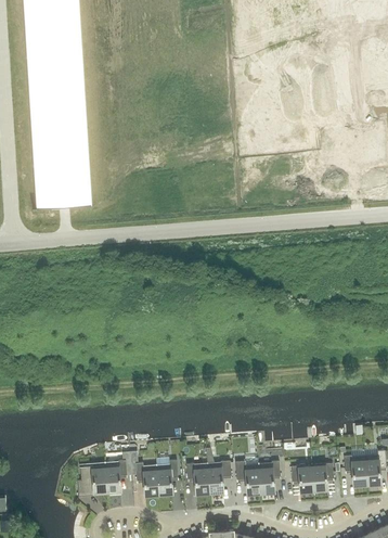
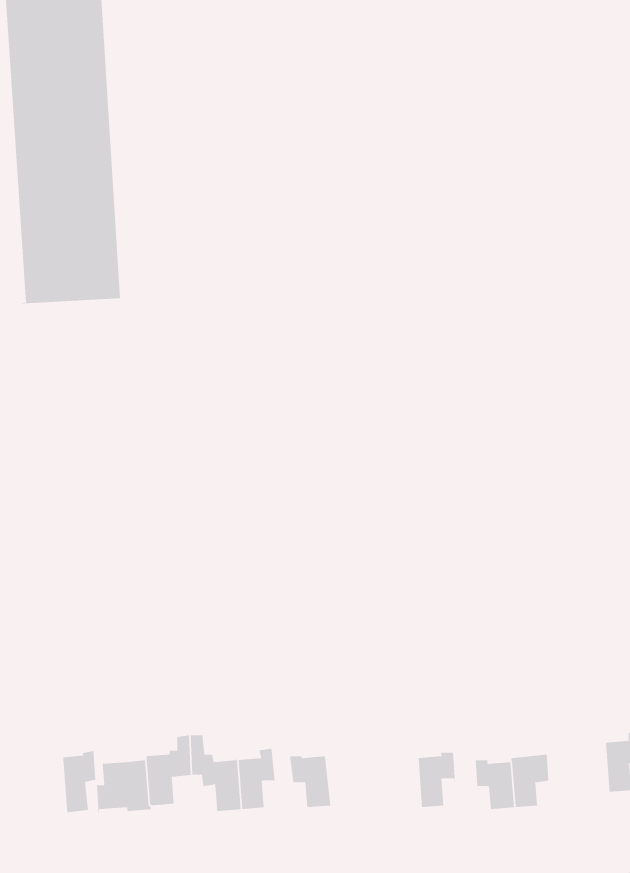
building: [345,453,367,485] -> none
building: none -> [62,750,96,813]
building: [207,460,232,491] -> none
building: [235,461,261,494] -> none

